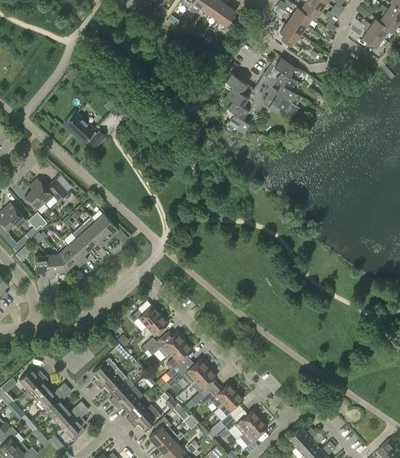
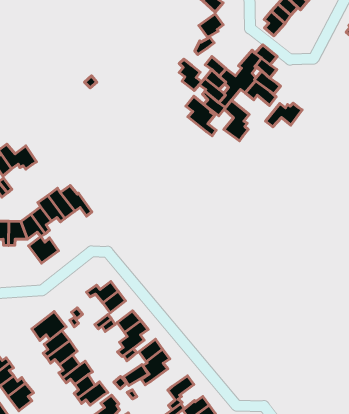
building: none -> [195,14,223,55]
building: none -> [179,59,202,90]
building: [63,112,105,148] -> none
building: none -> [266,103,302,127]
building: none -> [186,96,216,136]
building: none -> [224,100,249,141]
building: none -> [29,236,59,263]
building: none -> [32,312,66,340]
building: [200,383,236,408] -> none

